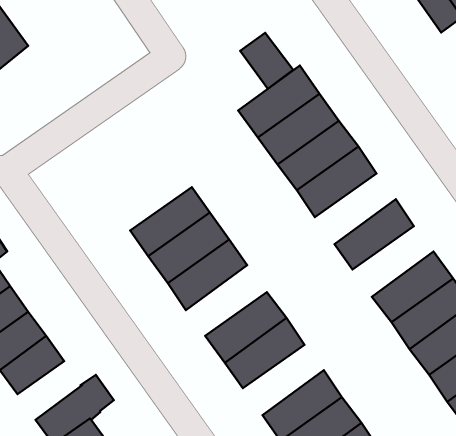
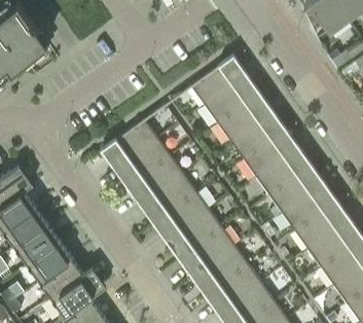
building: [240,33,293,89] -> none
building: none -> [102,120,158,170]
building: none -> [243,131,298,179]
building: none -> [268,167,324,215]
building: none -> [154,193,210,242]
building: none -> [193,248,249,296]
building: none -> [39,259,83,299]

